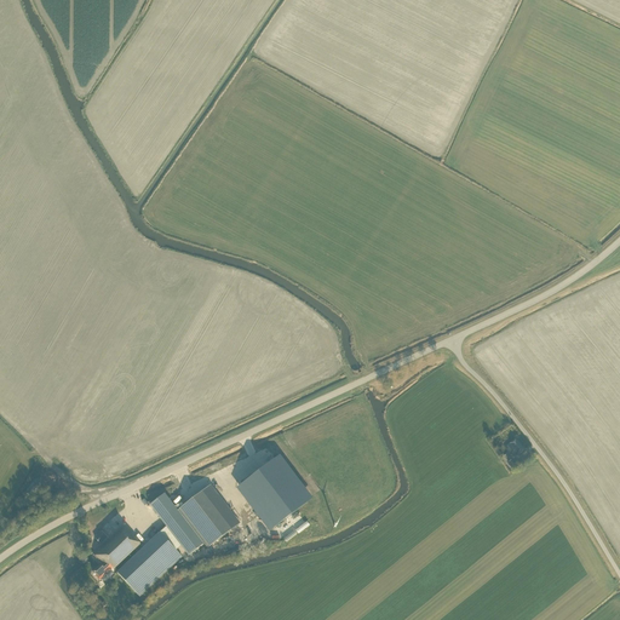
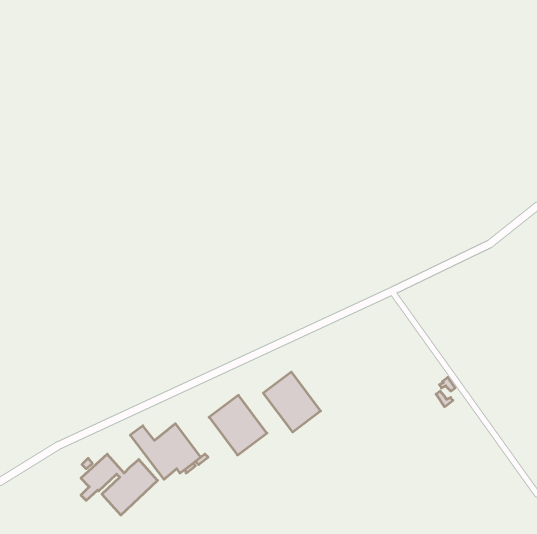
building: none -> [263,372,321,432]

